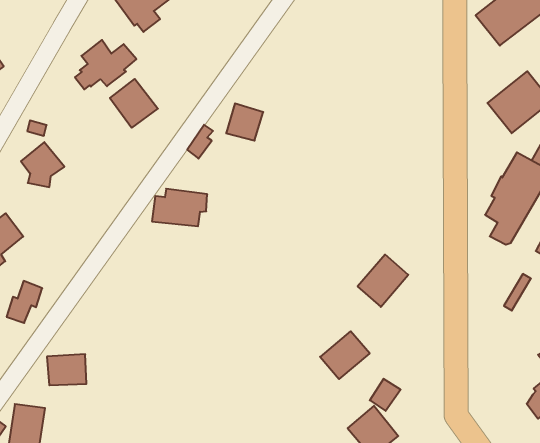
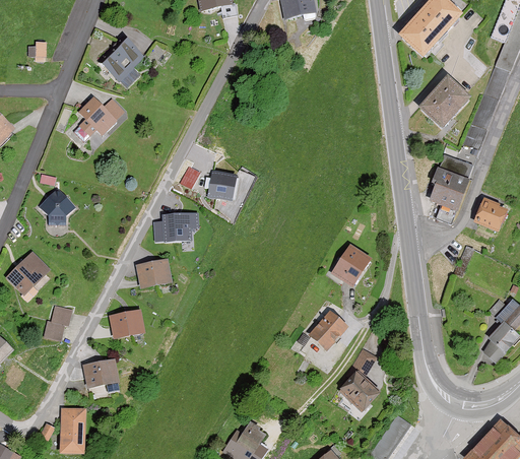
building: [110,79,158,128] -> none
building: [226,103,263,141] -> [208,172,237,200]
building: none -> [137,259,172,287]
building: none -> [110,310,144,338]

